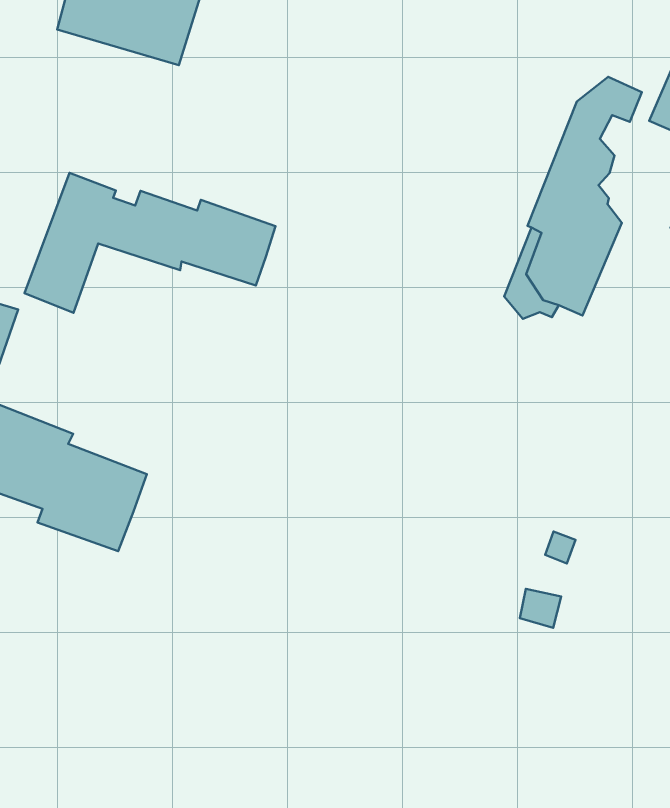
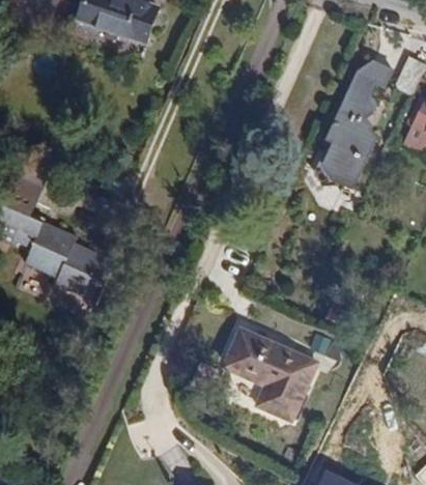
building: [24,173,275,313] -> none
building: none -> [225,330,317,422]

